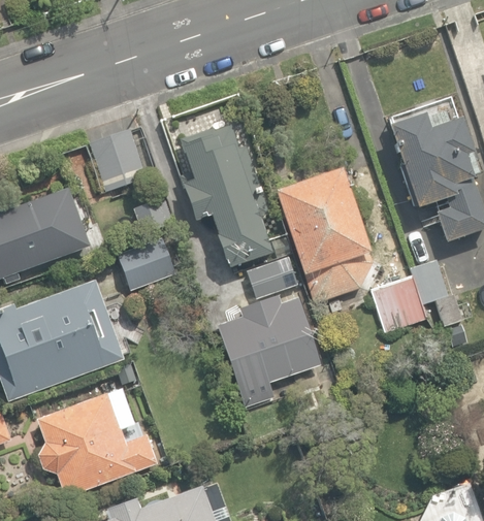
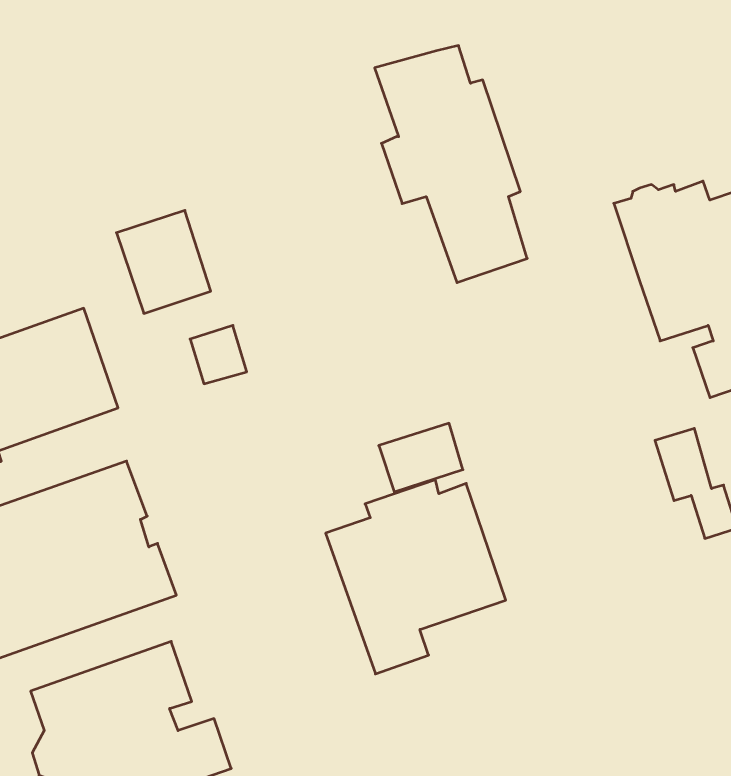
building: [181,126,272,268] -> [375,46,527,283]
building: [276,169,373,303] -> none
building: [119,237,176,290] -> none
building: [372,275,426,332] -> none

